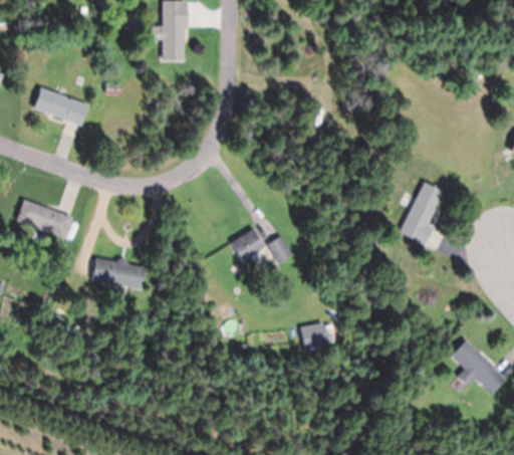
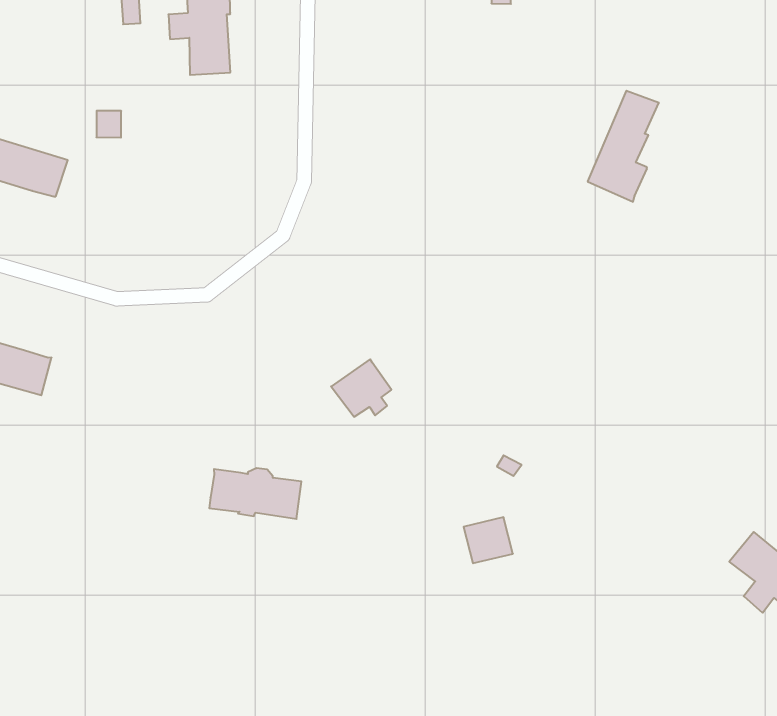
building: [400,183,443,246] -> [588,91,659,202]
building: [268,236,294,264] -> none
building: [92,258,146,289] -> [209,468,301,519]

